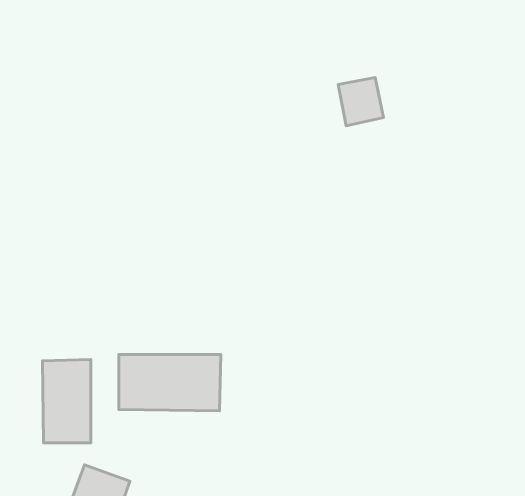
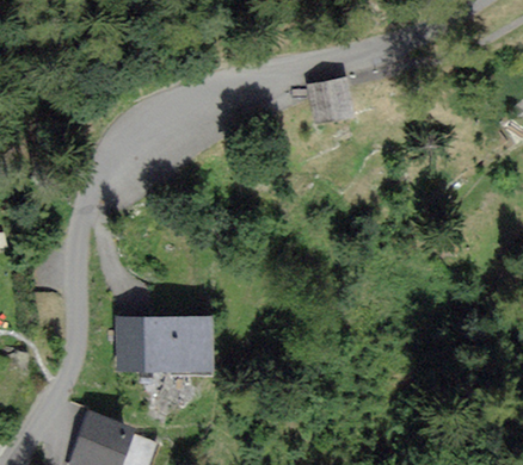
building: [42,360,91,443] -> none

